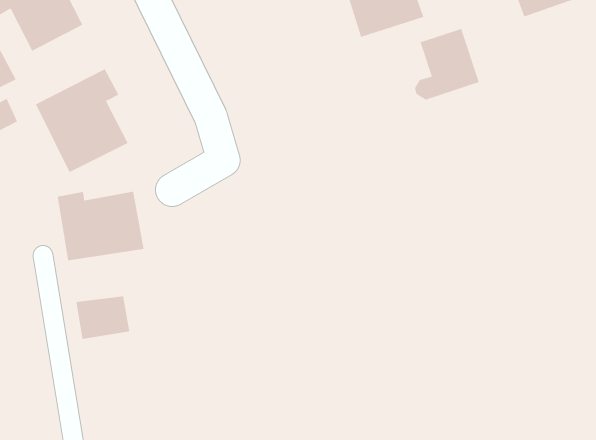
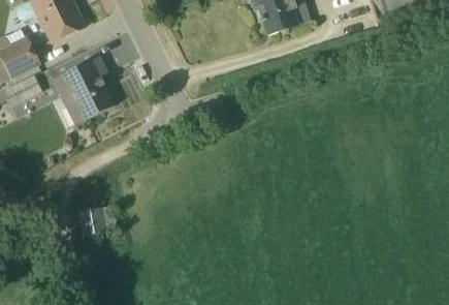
building: [415,28,479,100] -> none
building: [57,191,144,261] -> none

